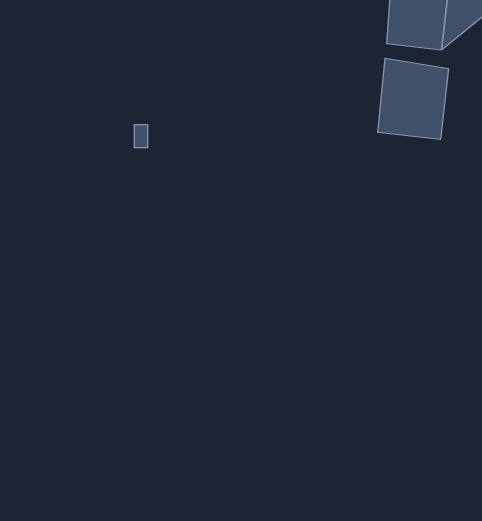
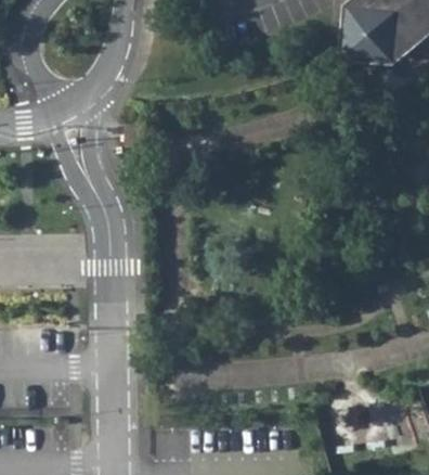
building: [378,58,448,139] -> none

